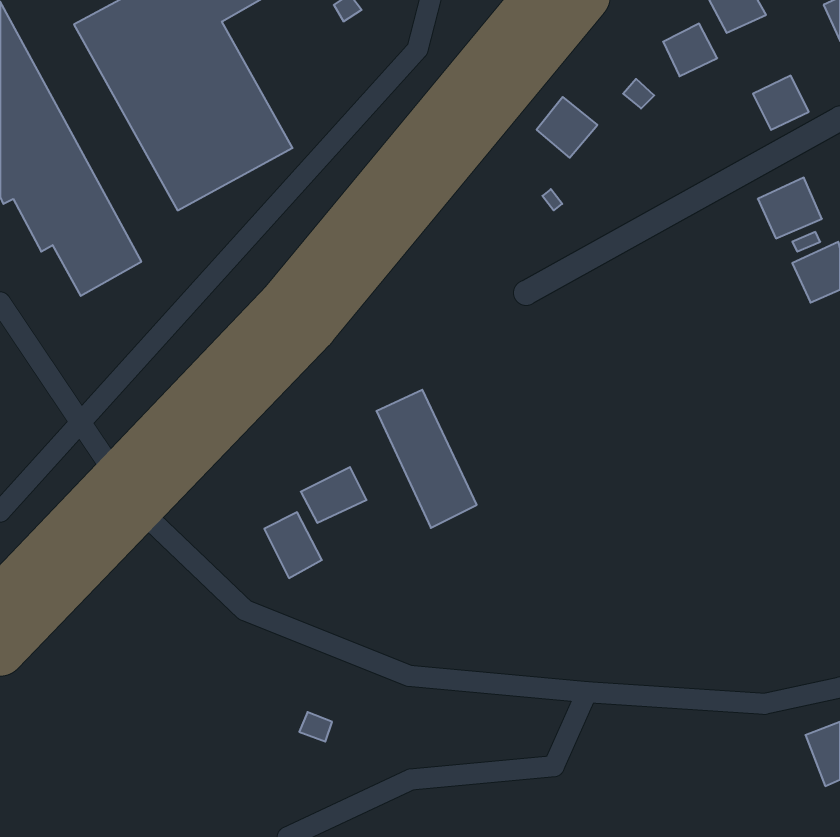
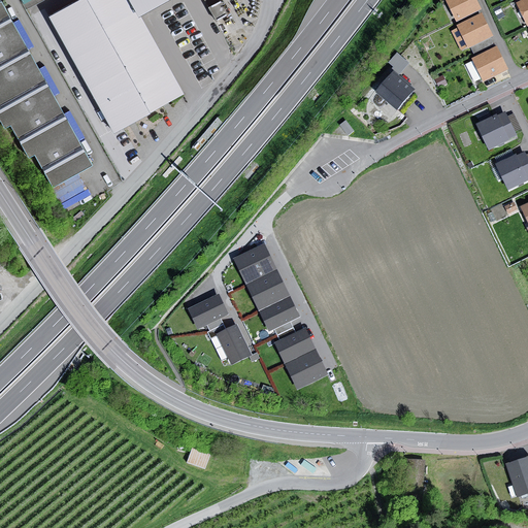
building: [663,24,717,76] -> [458,14,492,47]
building: [537,97,597,158] -> [378,72,417,110]
building: [264,512,322,578] -> [218,324,254,365]
building: none -> [277,330,328,390]

